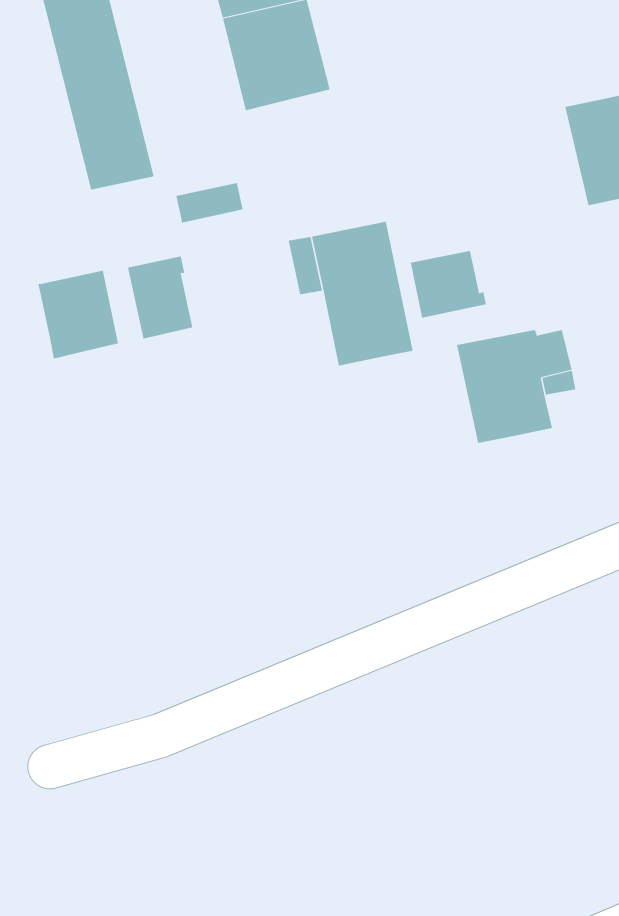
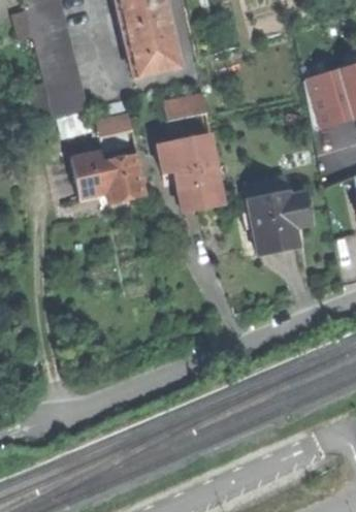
building: none -> [163,93,207,121]
building: [410,250,486,318] -> none
building: [38,270,119,359] -> [100,155,143,202]

